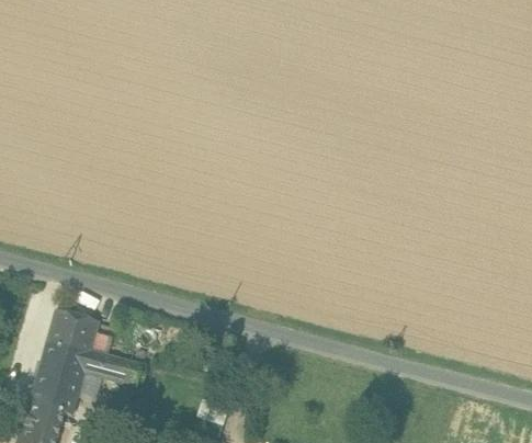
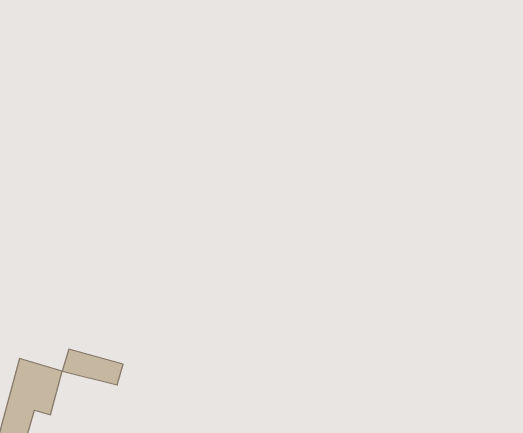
building: [42,314,97,375] -> none

